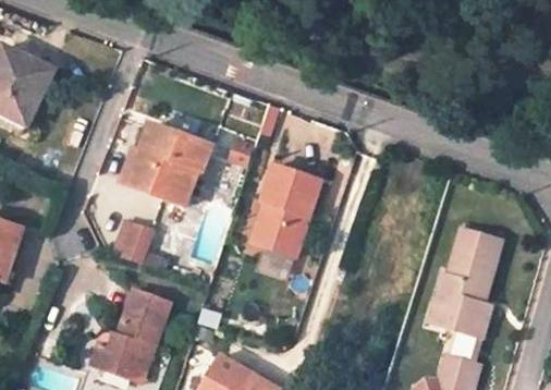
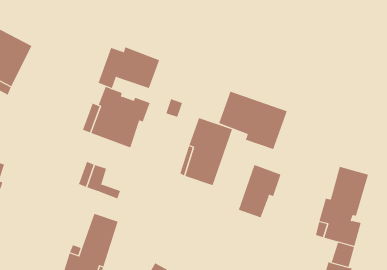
building: none -> [98,47,160,89]
building: none -> [219,91,288,150]
building: none -> [238,164,281,218]

